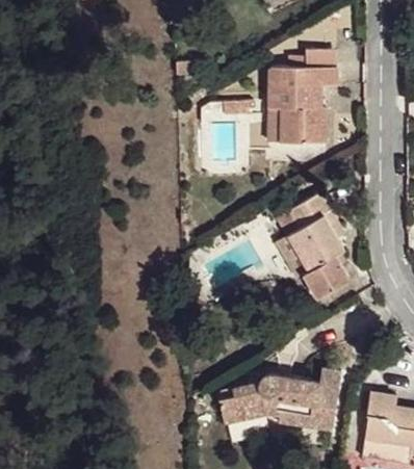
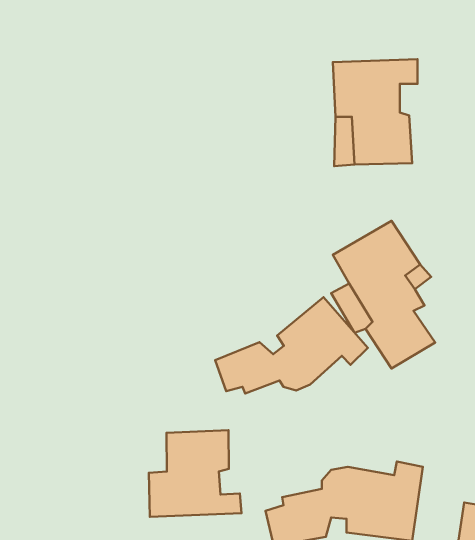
building: none -> [215,297,368,394]
building: none -> [149,430,241,517]

